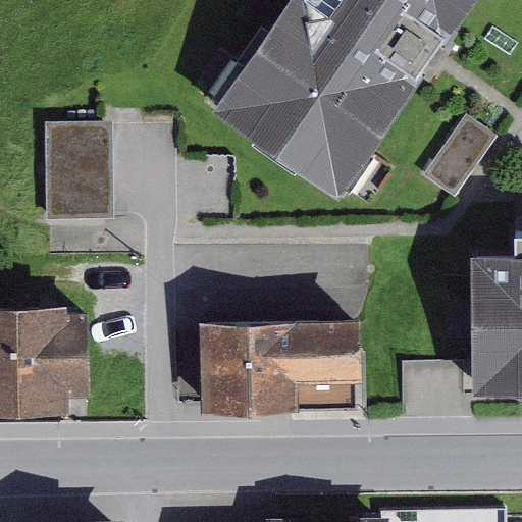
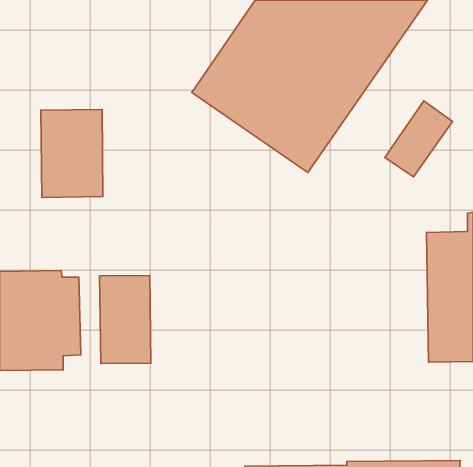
building: none -> [100,276,151,364]
building: [199,318,360,415] -> none

